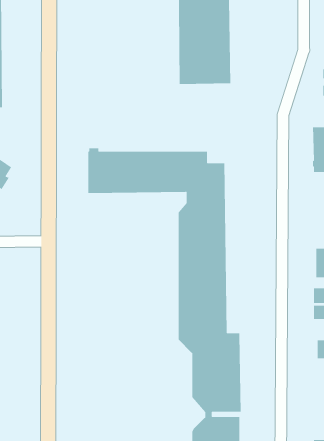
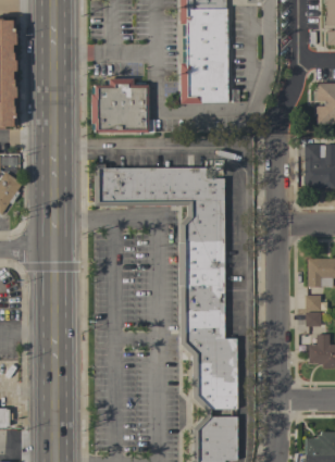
building: none -> [92,78,150,133]

